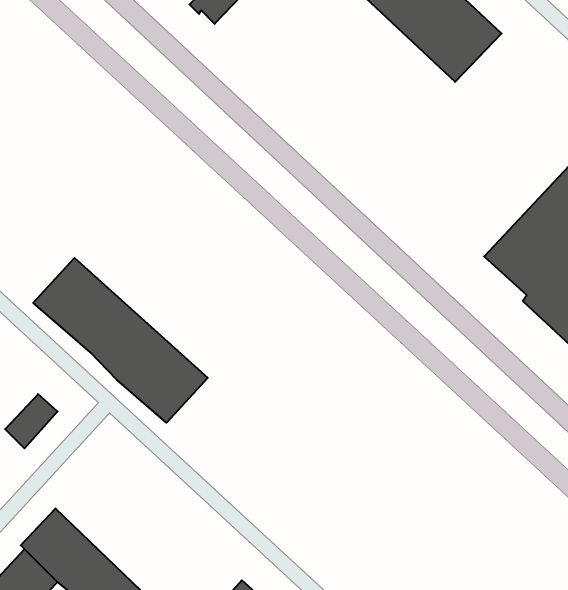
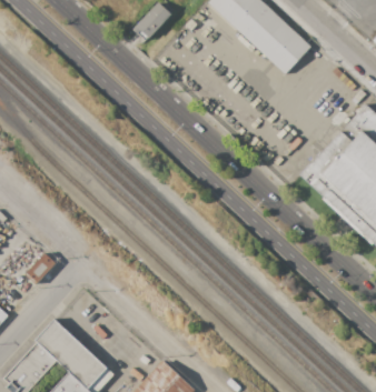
building: [33,258,208,423] -> none

